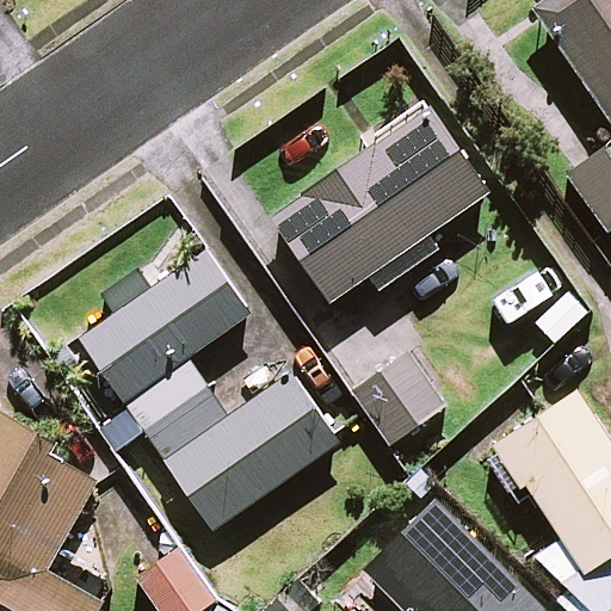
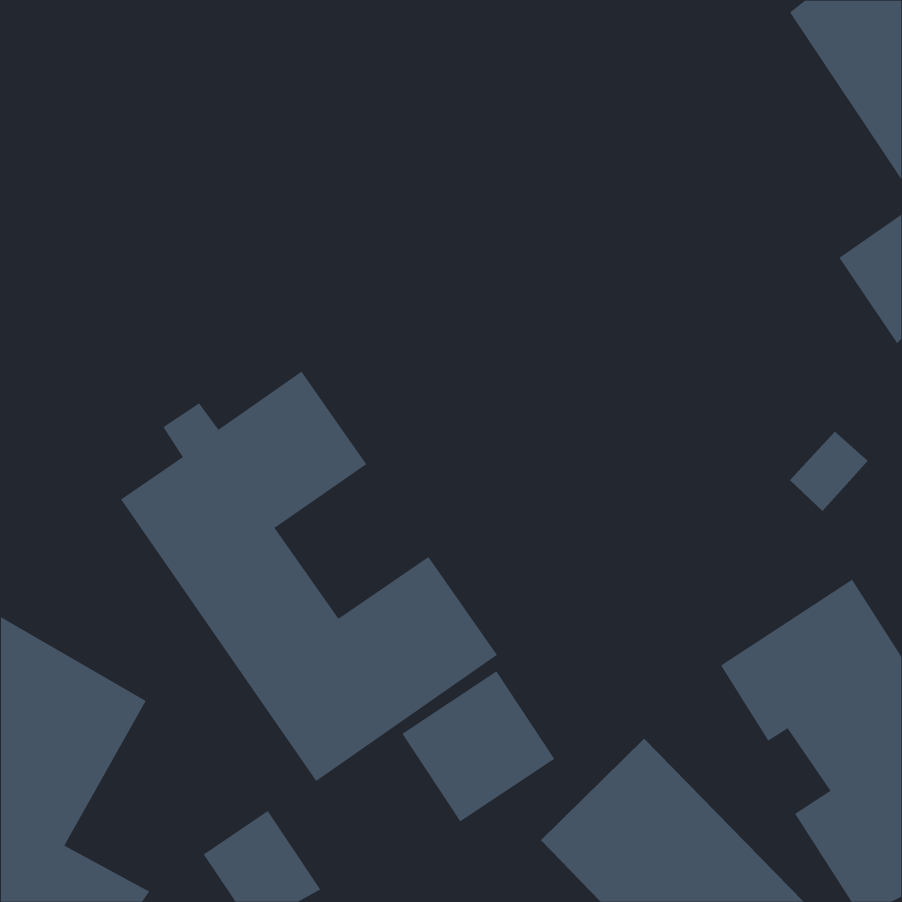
building: [272,105,488,301] -> none
building: [348,341,452,444] -> [402,670,555,822]

